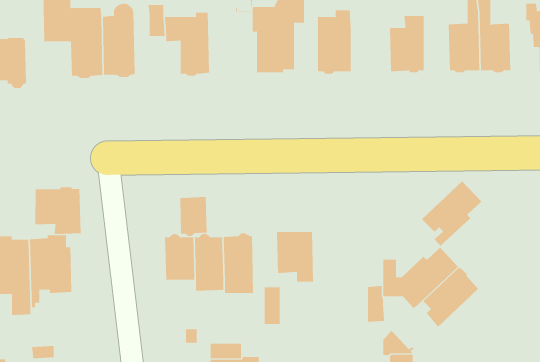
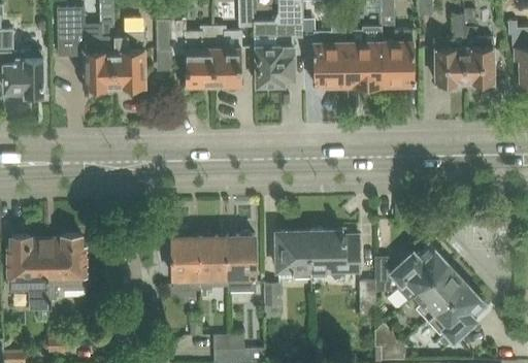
building: none -> [212,28,241,88]
building: none -> [345,28,382,85]
building: [421,180,482,247] -> [426,287,483,349]
building: [35,187,81,235] -> none
building: [180,196,207,237] -> none
building: none -> [309,233,360,280]

